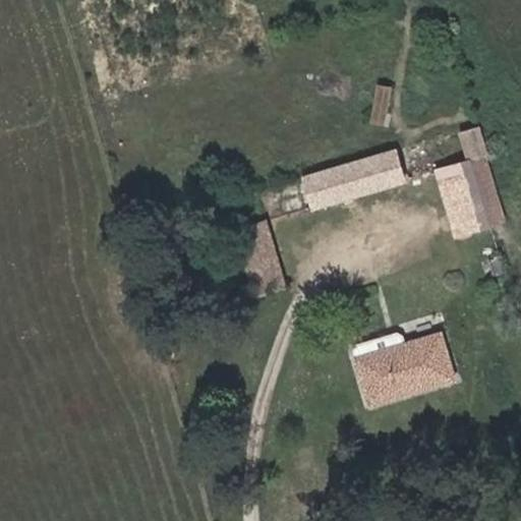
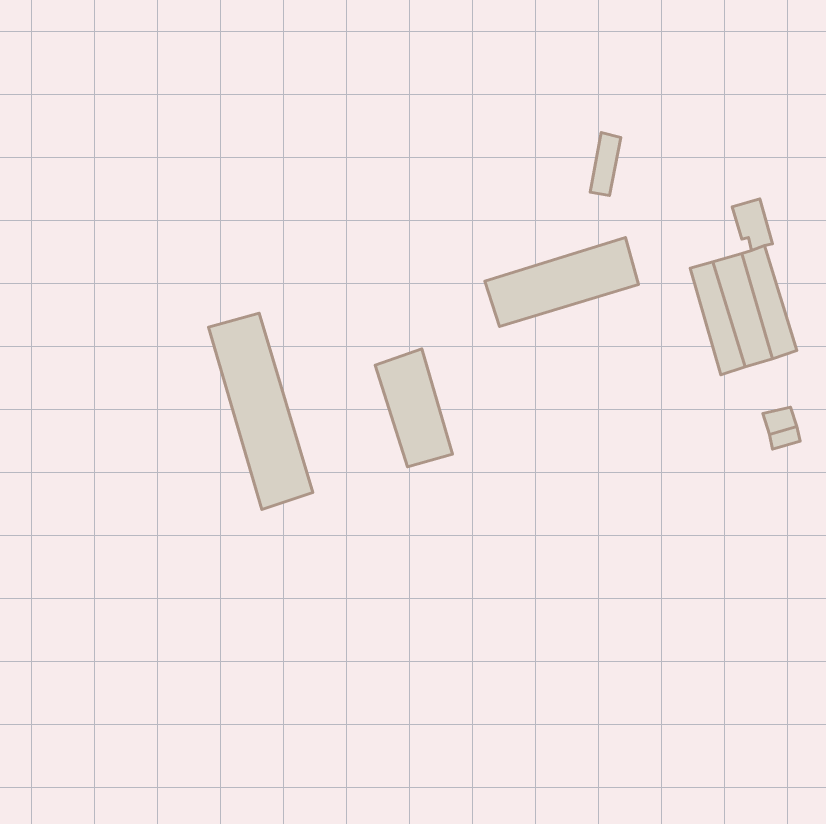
building: none -> [209,313,313,509]
building: [357,332,454,402] -> none

